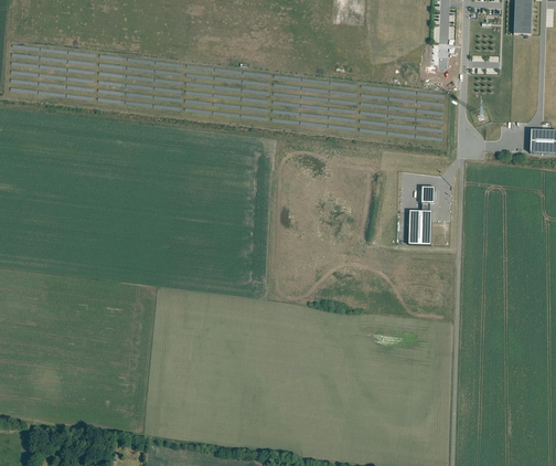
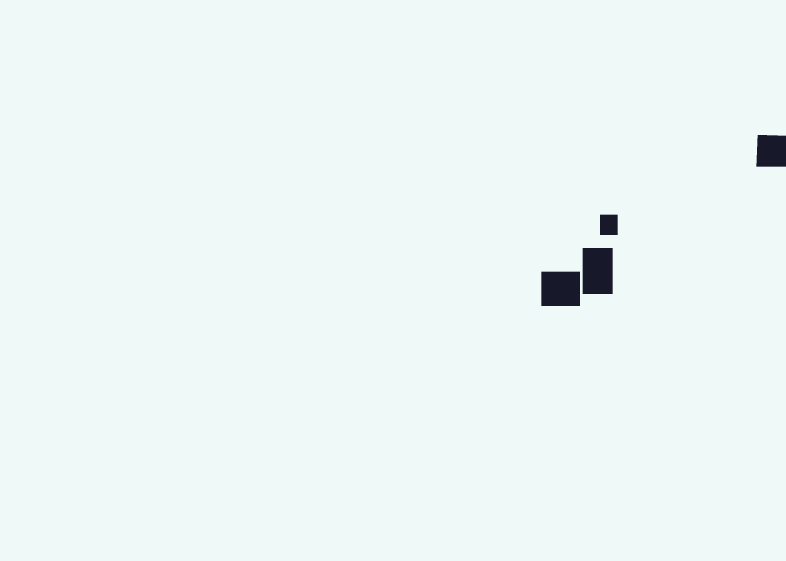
building: none -> [540,271,581,307]

